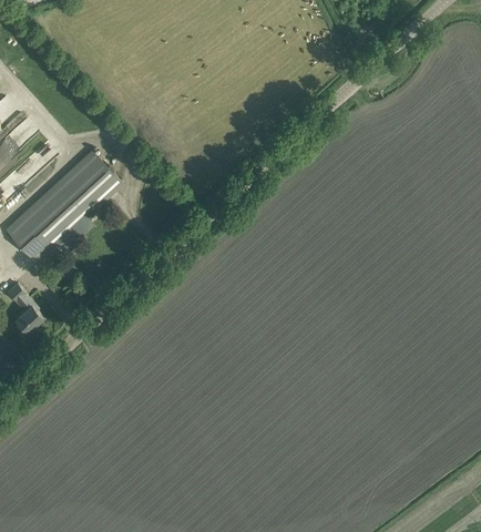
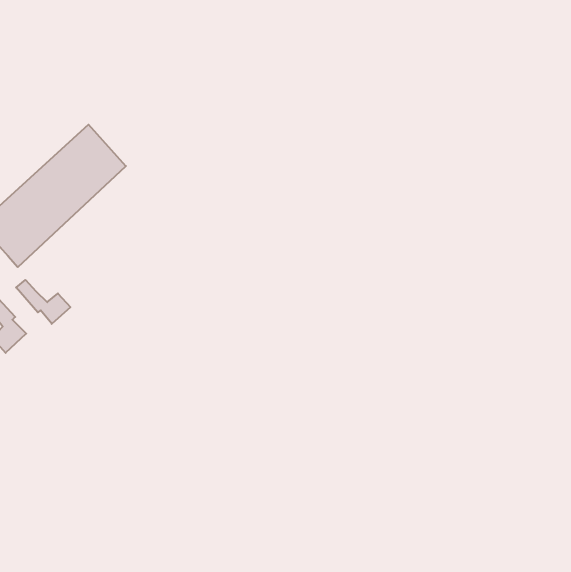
building: none -> [16,280,70,324]

